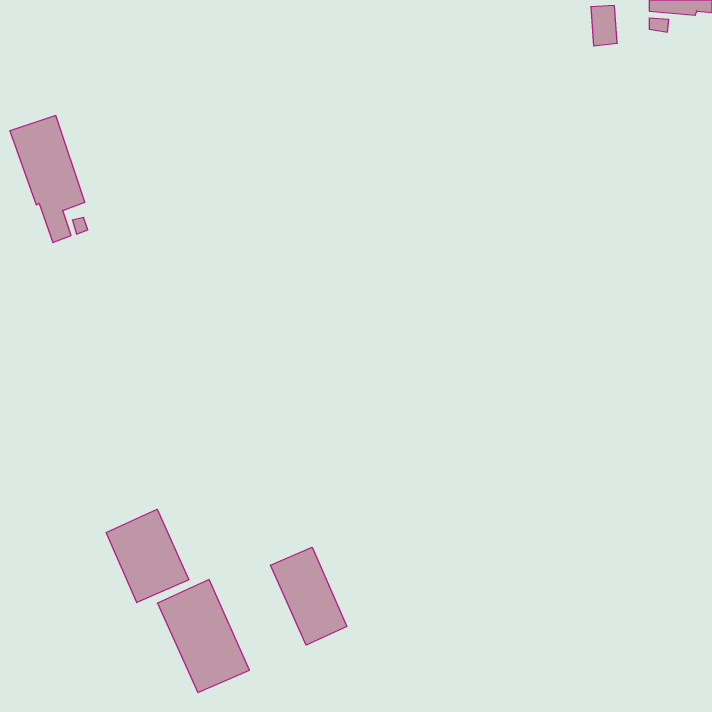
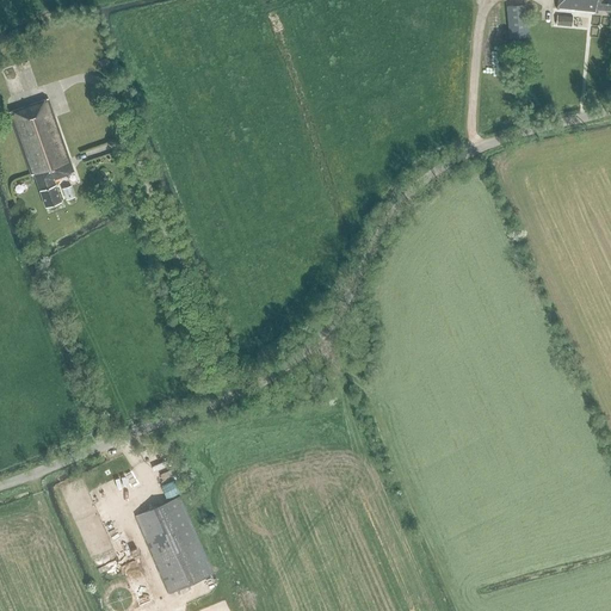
building: [106,509,189,603] -> none
building: [271,547,347,645] -> none

